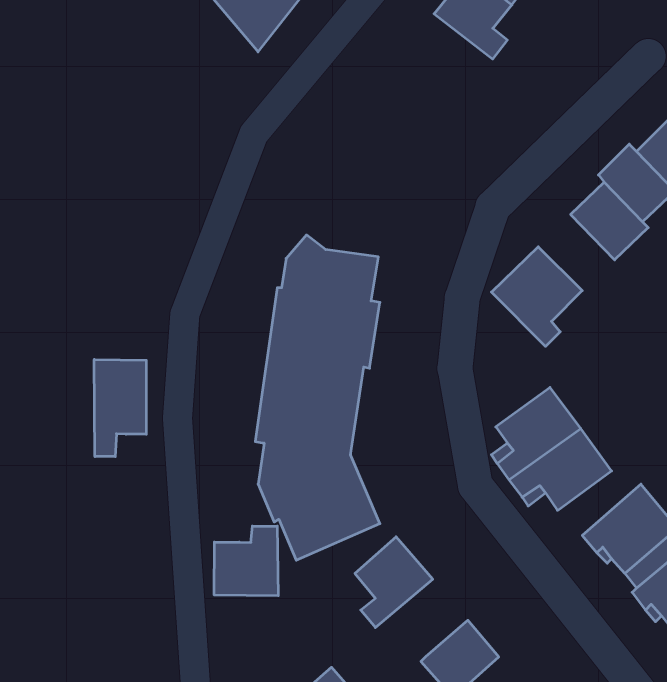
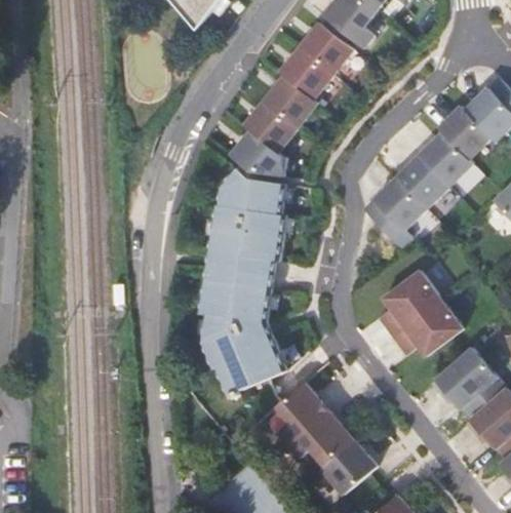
building: none -> [231,23,354,177]
building: none -> [398,154,451,207]
building: [94,359,146,457] -> none
building: [214,526,278,596] -> none
building: none -> [284,409,349,464]

